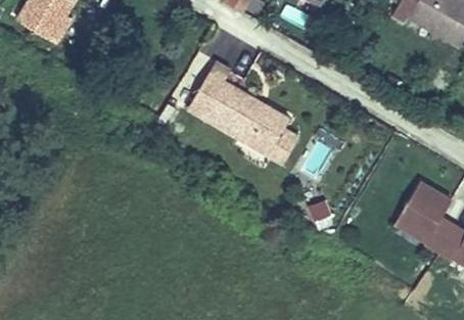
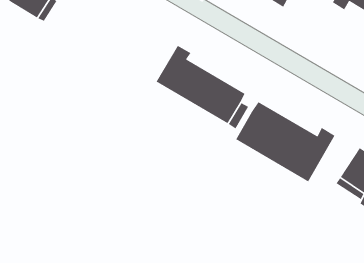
building: none -> [235,101,335,182]

